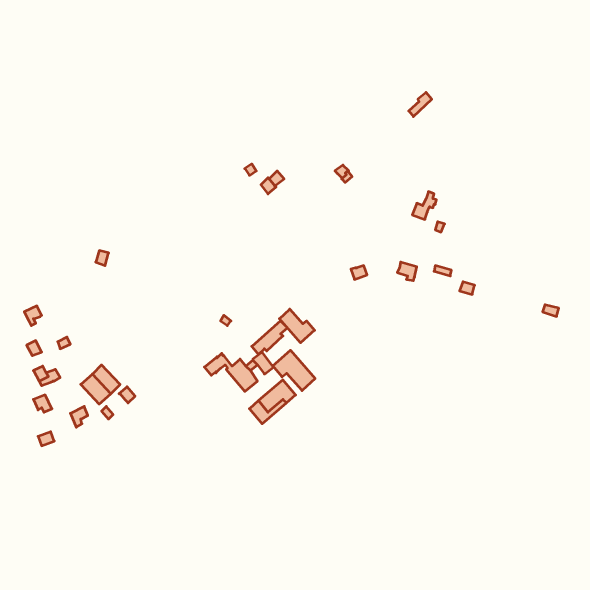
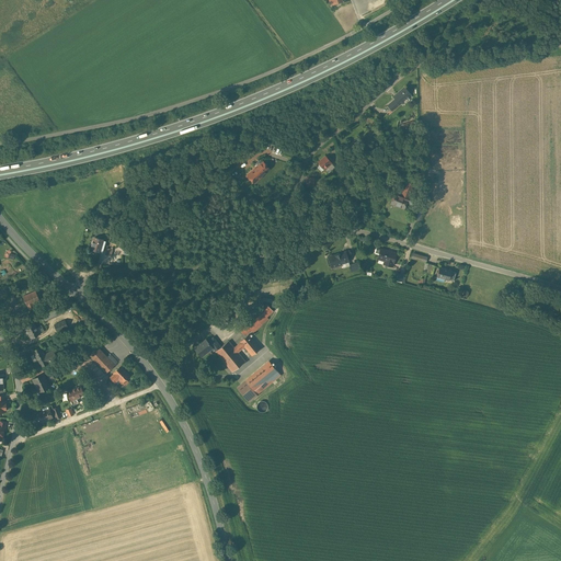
building: [279,309,315,343] -> none
building: [273,350,315,391] -> none

